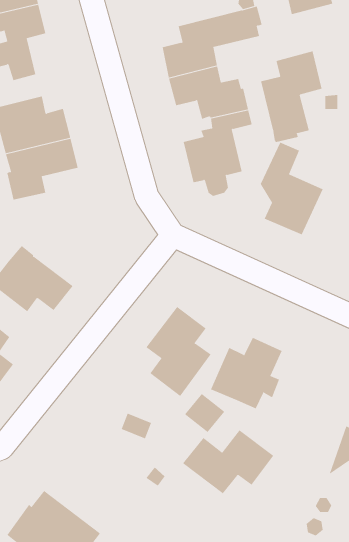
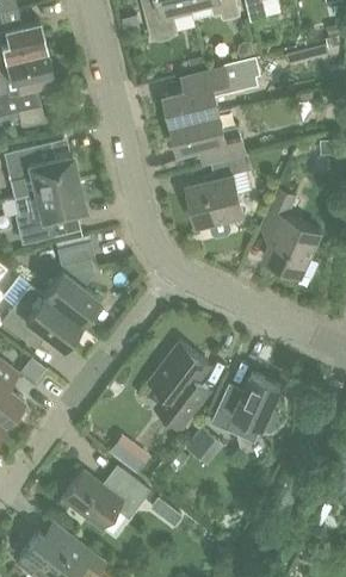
building: [260,51,322,143] -> none
building: none -> [43,241,100,324]
building: [182,430,274,494] -> [62,465,150,527]

